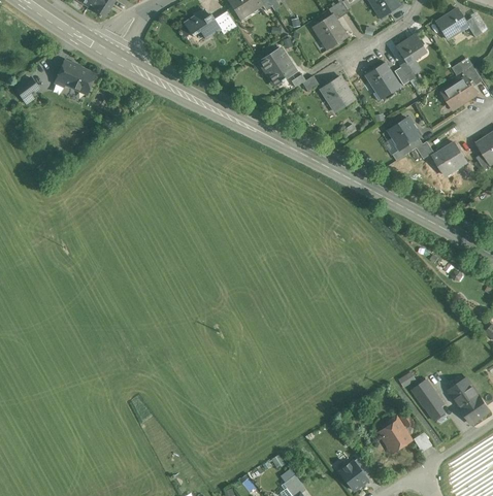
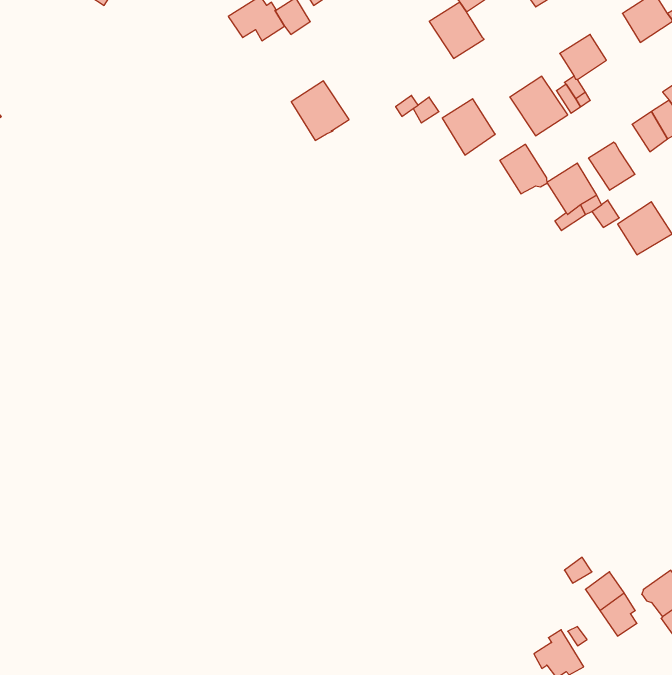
building: [258,47,295,86] -> [291,81,349,140]
building: [54,61,95,94] -> none
building: none -> [589,142,635,190]
building: none -> [500,144,547,194]

